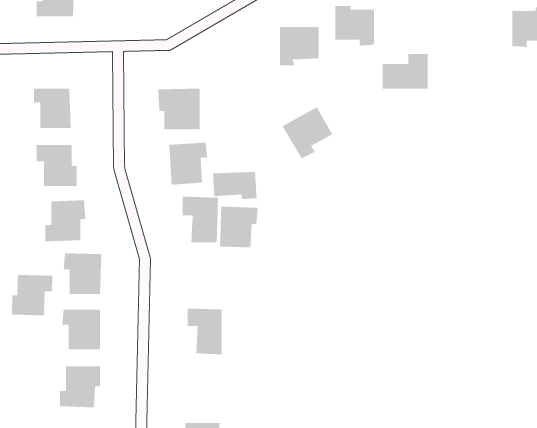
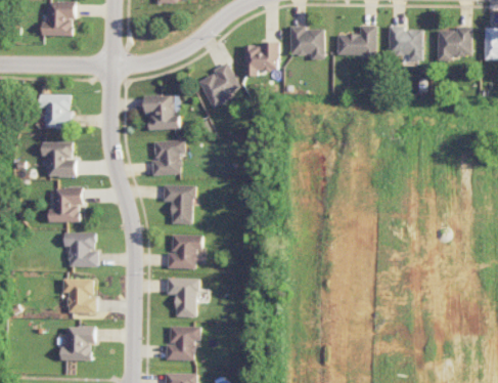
building: none -> [388,26,421,59]
building: [382,54,428,89] -> [336,26,375,55]
building: [281,106,333,159] -> [196,63,239,108]
building: [212,171,257,200] -> none
building: [219,206,259,248] -> [169,233,201,268]
building: [11,274,53,316] -> none
building: none -> [167,326,199,359]

